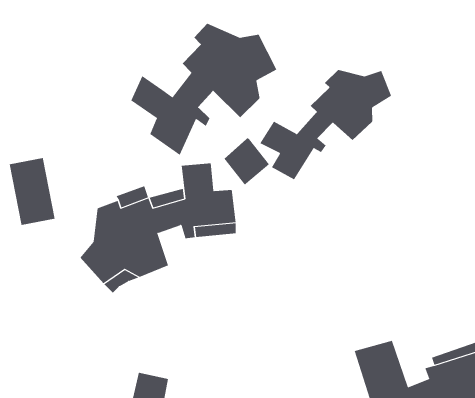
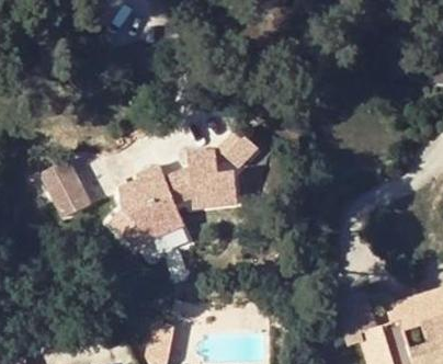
building: [131,23,277,156] -> none
building: [260,69,392,180] -> none

